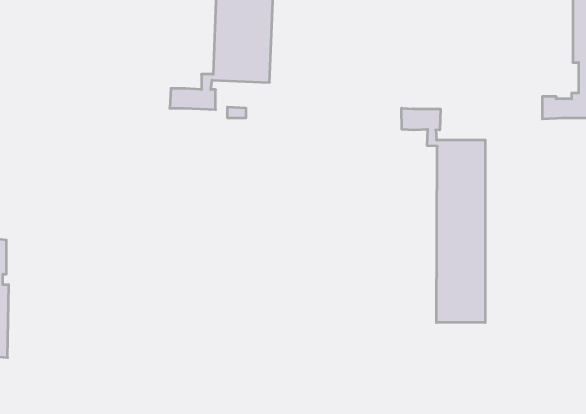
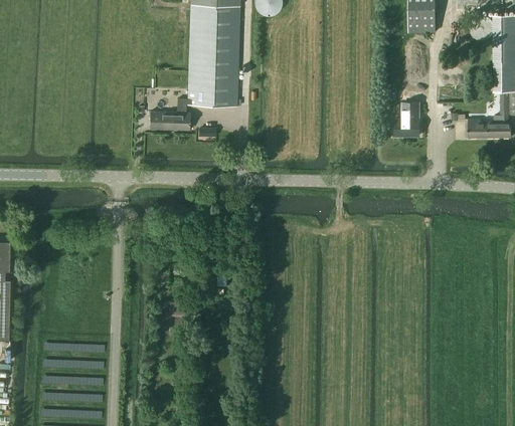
building: none -> [394,101,418,136]
building: [402,108,485,323] -> none

